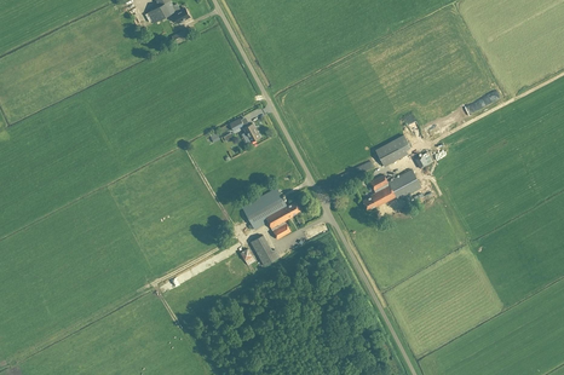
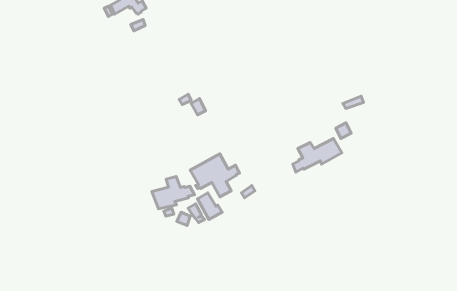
building: [375,134,410,166] -> none
building: none -> [152,176,194,209]

